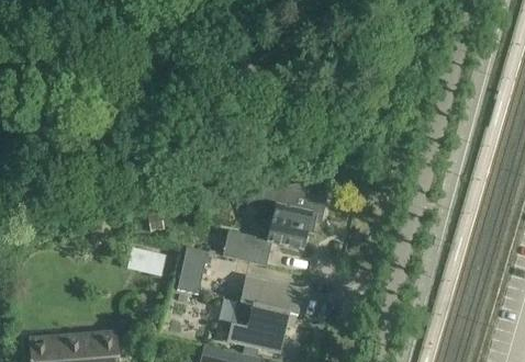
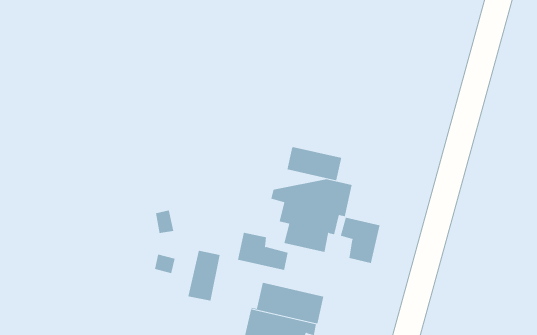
building: none -> [287,145,342,181]
building: none -> [340,217,380,264]

